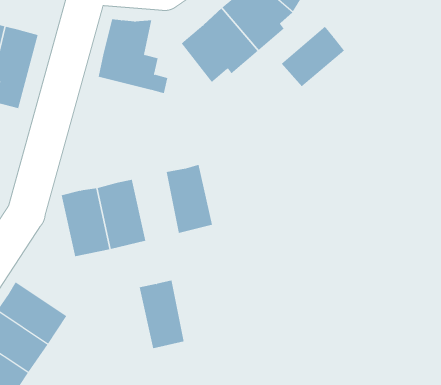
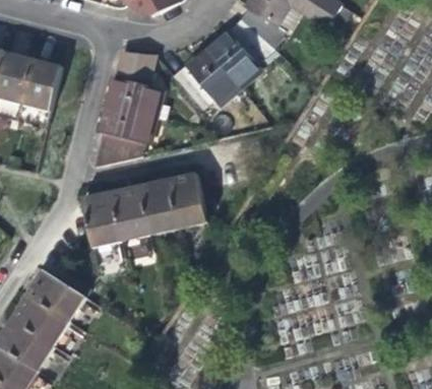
building: [281,26,345,87] -> none
building: none -> [98,100,156,156]
building: [139,280,185,349] -> [140,178,178,235]

